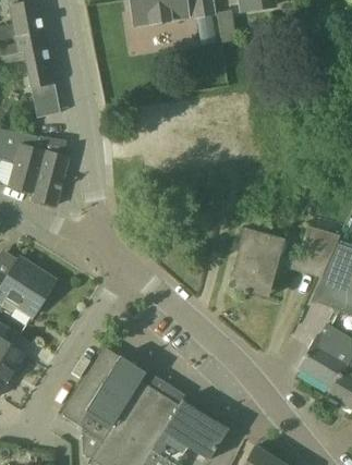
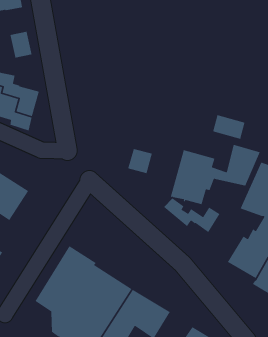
building: [26,56,53,88] -> none
building: none -> [212,114,245,140]
building: none -> [127,148,153,174]
building: none -> [163,198,220,233]

